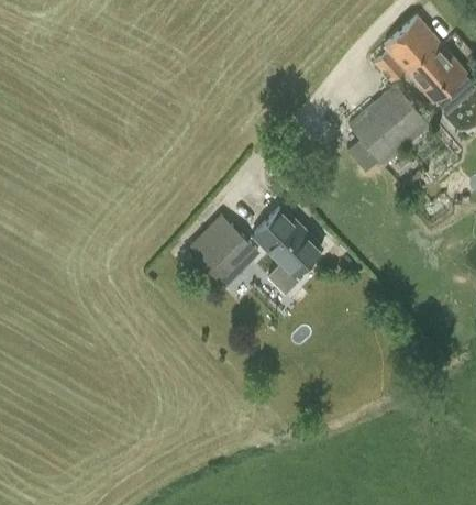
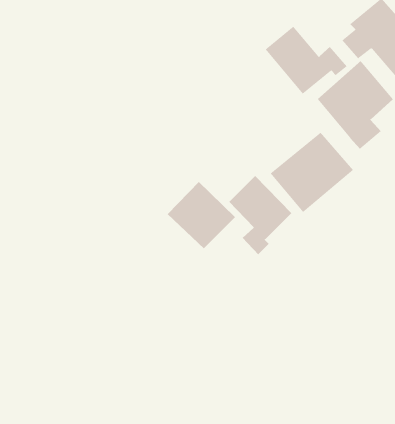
building: none -> [265,26,347,94]
building: none -> [270,132,354,213]

